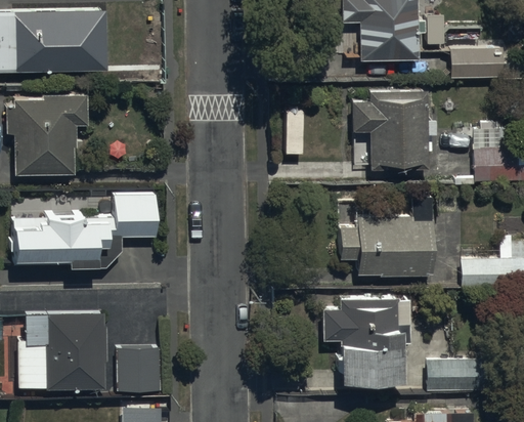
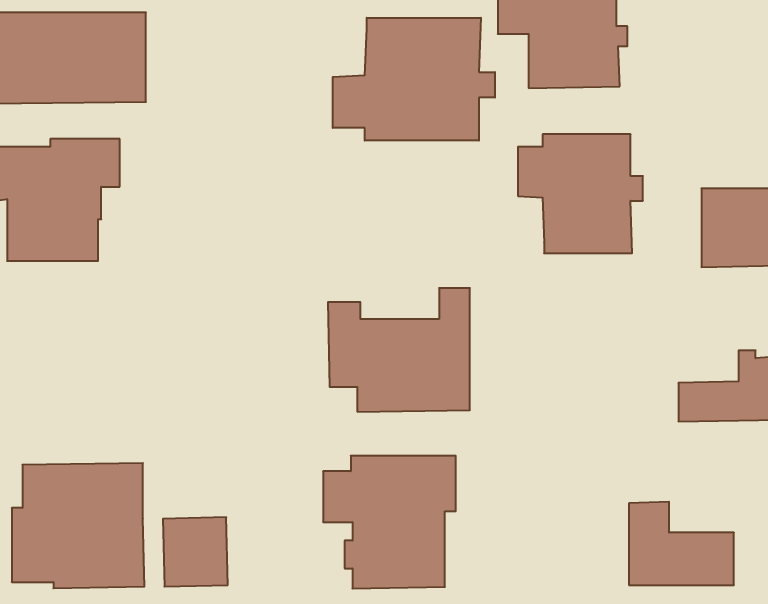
building: none -> [333,18,495,141]
building: [451,48,504,77] -> none
building: [16,195,159,268] -> none
building: [338,195,432,277] -> [328,288,470,412]
building: [322,297,410,385] -> [323,456,456,589]

